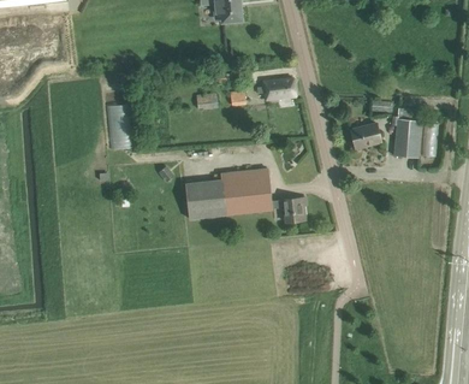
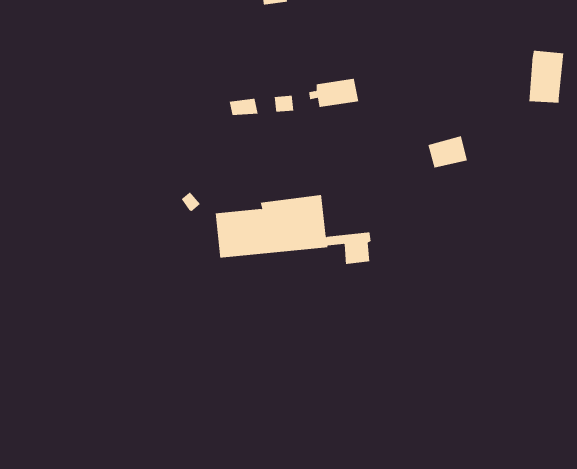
building: [107,104,131,148] -> none
building: [394,117,422,158] -> [529,50,564,103]

